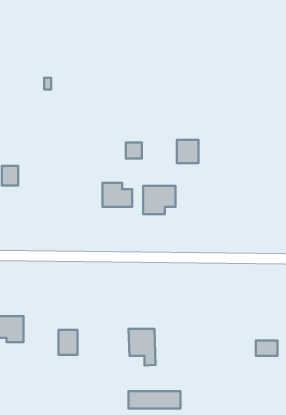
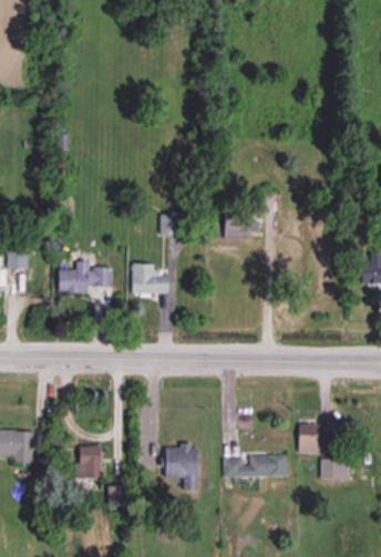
building: none -> [58,265,112,293]
building: [143,186,175,214] -> none
building: none -> [299,425,319,454]
building: [128,391,180,408] -> [224,456,288,477]

